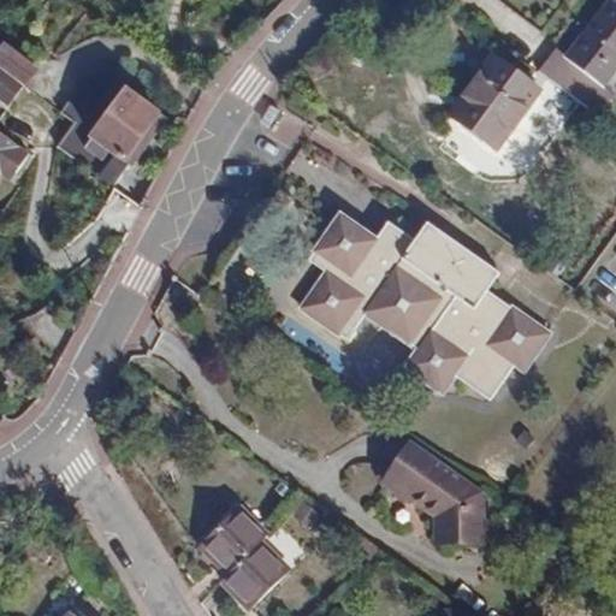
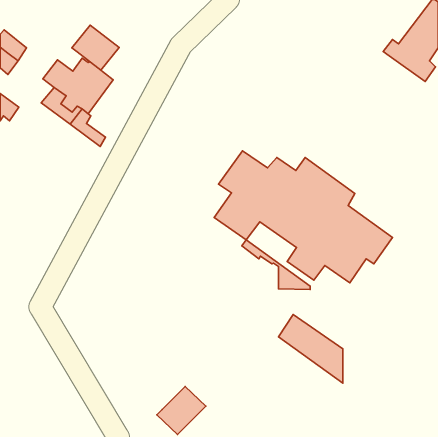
building: none -> [72,25,119,70]
building: [449,55,538,148] -> none
building: [385,473,481,543] -> [242,240,310,290]
building: [199,507,266,575] -> none

